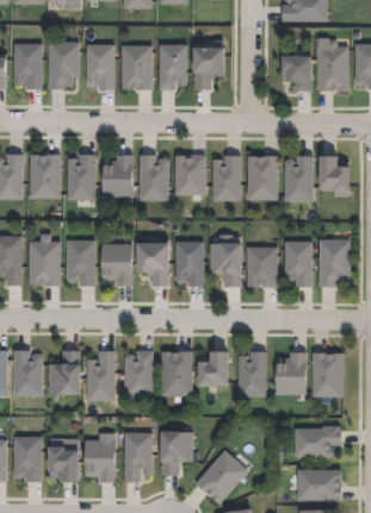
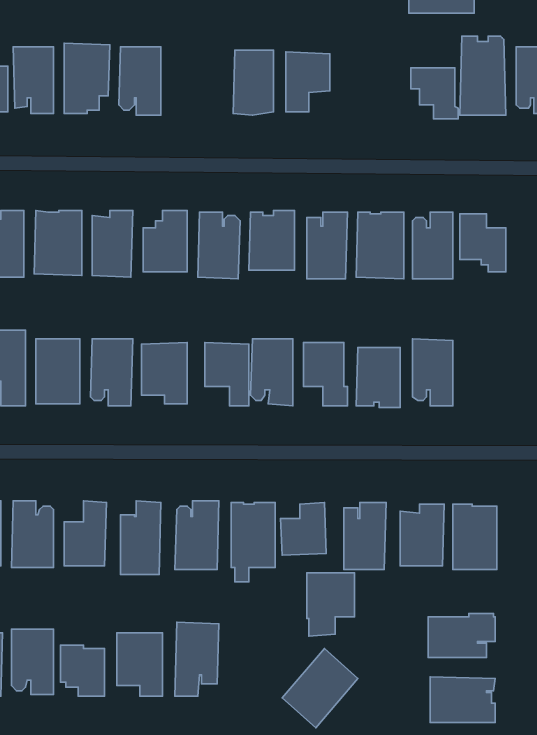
building: [122,44,152,88] -> none
building: [320,239,350,286] -> none
building: [160,432,192,475] -> [307,573,354,636]

